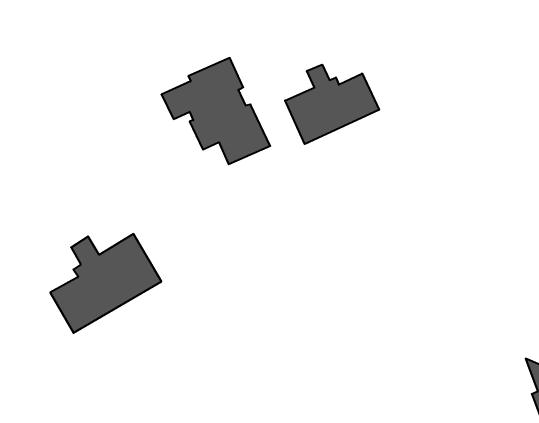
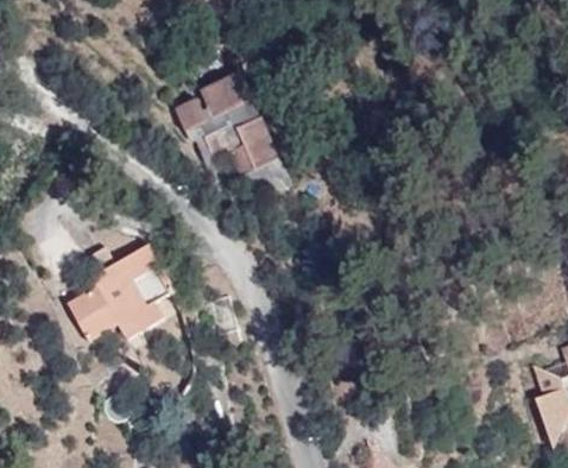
building: [285,65,379,144] -> none

